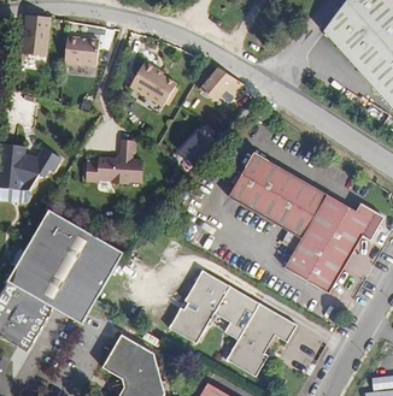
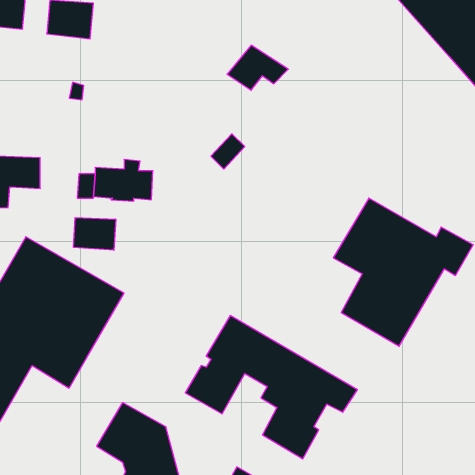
building: [128,61,174,104] -> none
building: [227,150,304,225] -> none
building: none -> [74,218,116,250]

